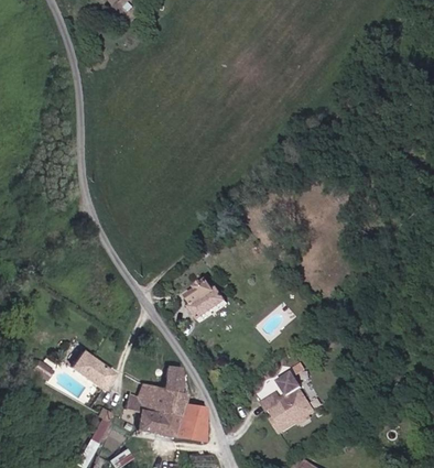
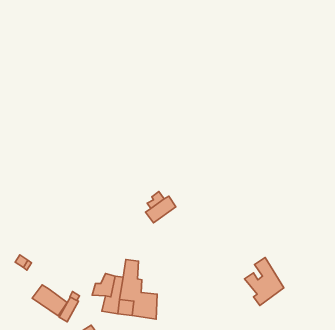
building: [69,349,112,388] -> [32,285,67,316]
building: [264,374,313,434] -> [245,258,284,306]

